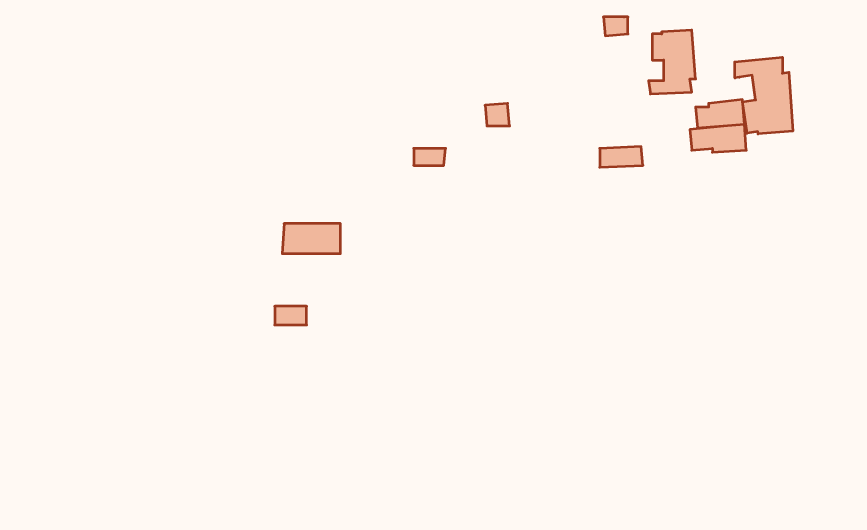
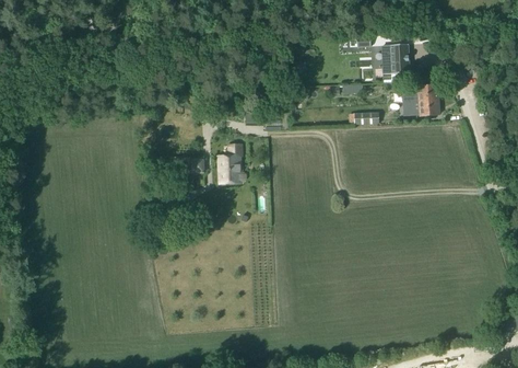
building: [735,57,793,134] -> none
building: none -> [216,154,240,183]

